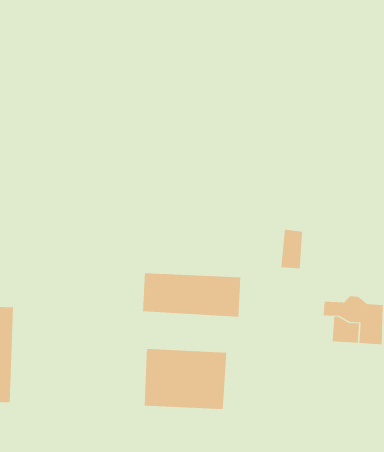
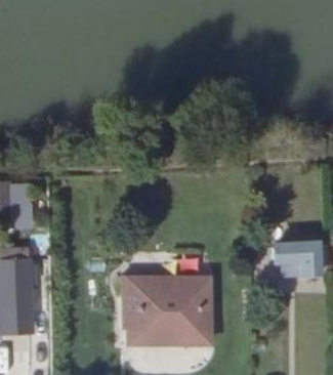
building: [143,272,241,317] -> none

